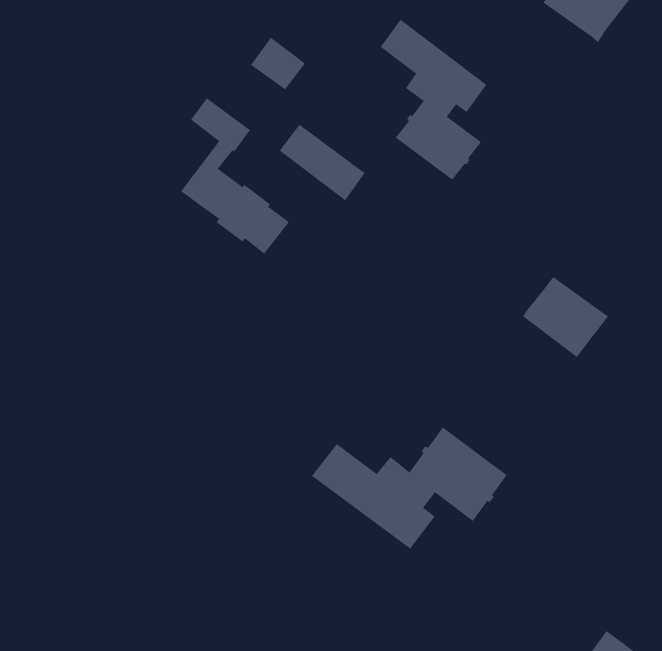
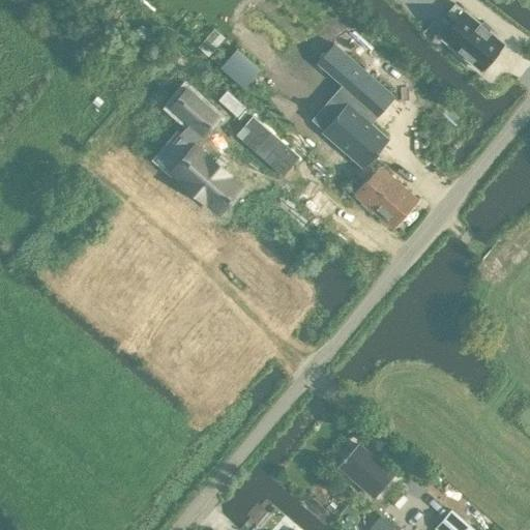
building: [522,276,609,358] -> [353,166,417,228]
building: [311,426,508,549] -> none
building: none -> [337,444,391,496]

